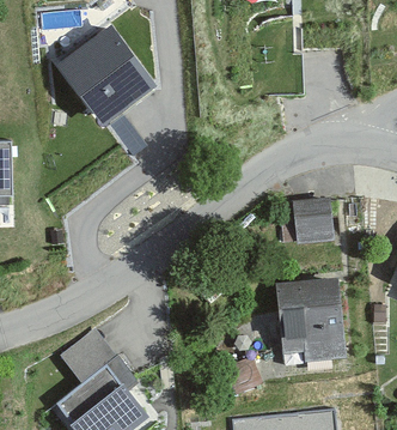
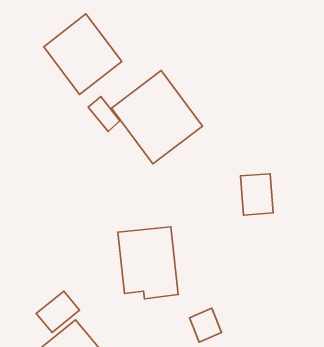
building: none -> [111,70,202,164]
building: [274,281,342,363] -> [118,227,178,299]

